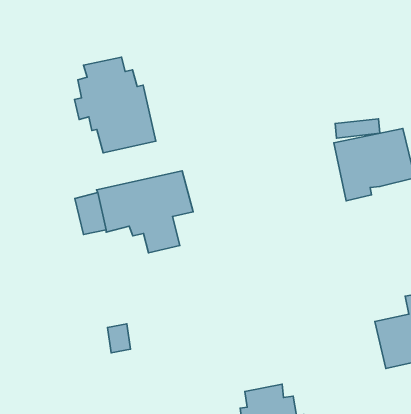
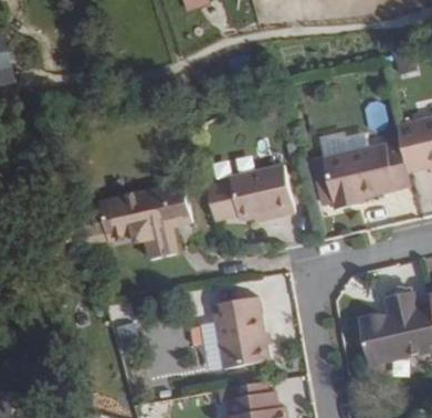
building: [74,57,156,153] -> none
building: none -> [208,165,293,221]
building: none -> [210,296,267,366]

